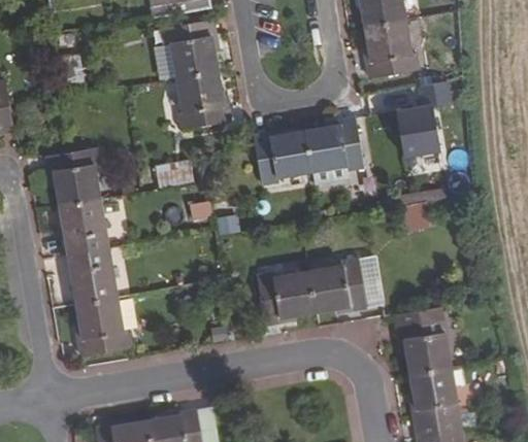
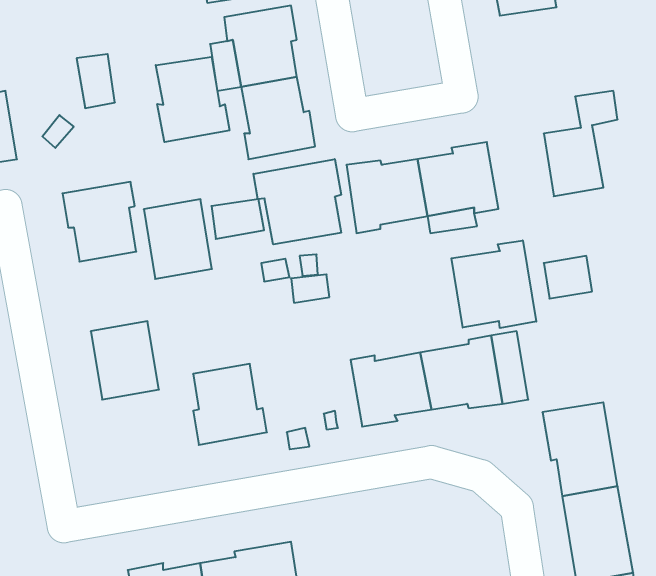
building: [364,21,419,78] -> none
building: none -> [156,57,229,142]
building: none -> [253,159,341,244]
building: none -> [451,240,536,328]
building: [59,198,108,256] -> [144,199,212,279]
building: [75,298,129,356] -> [193,364,267,445]

